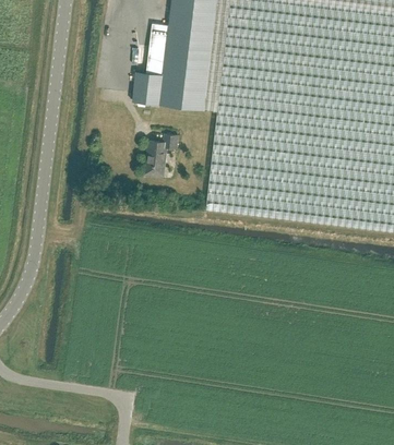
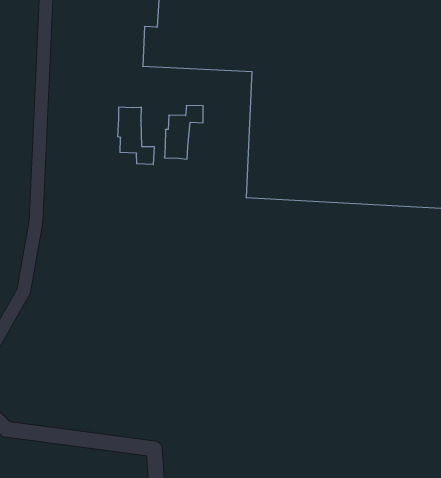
building: none -> [118,107,154,165]

